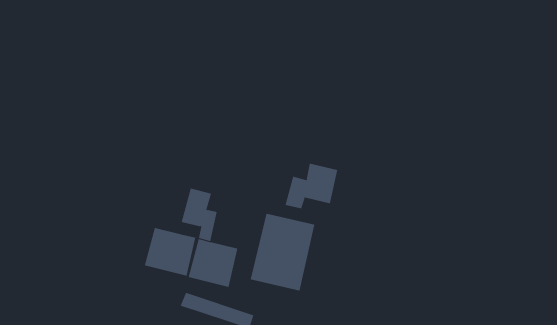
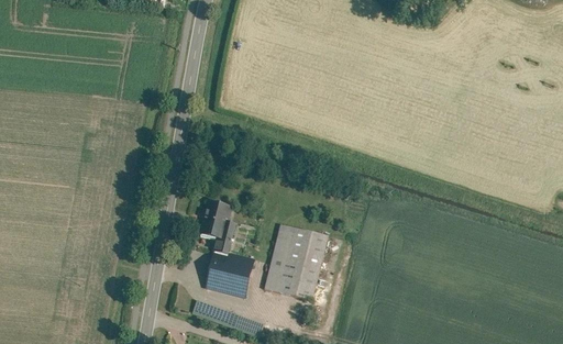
building: [285,163,338,209] -> none
building: [144,227,196,276] -> none

